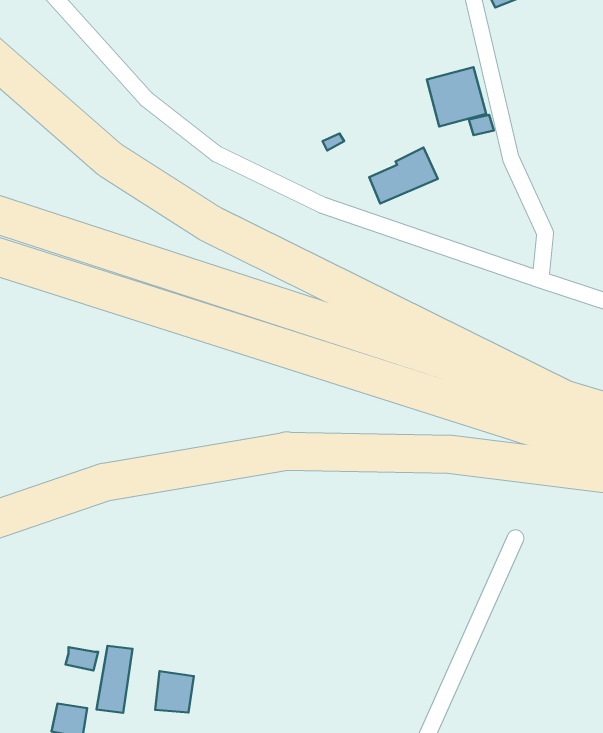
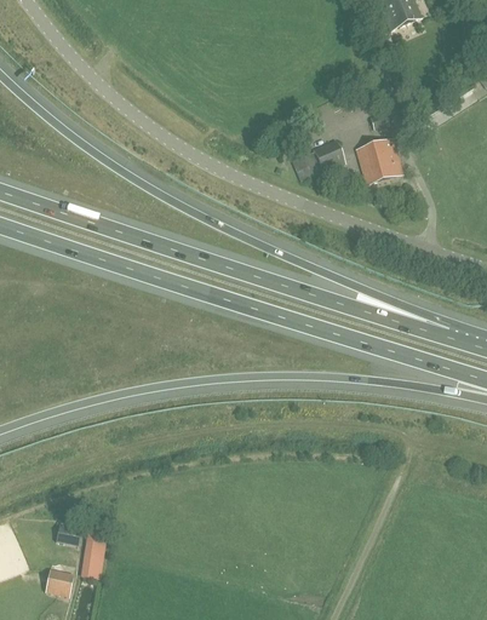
building: [427,67,486,126] -> [356,137,402,183]
building: [155,671,194,713] -> none

